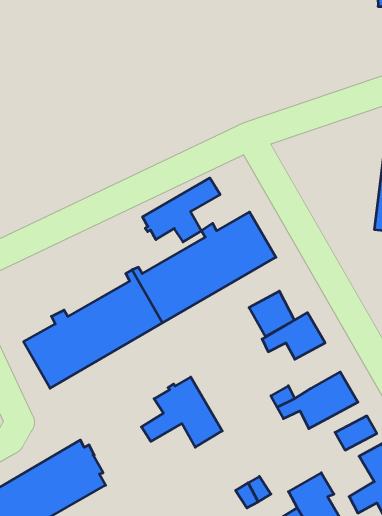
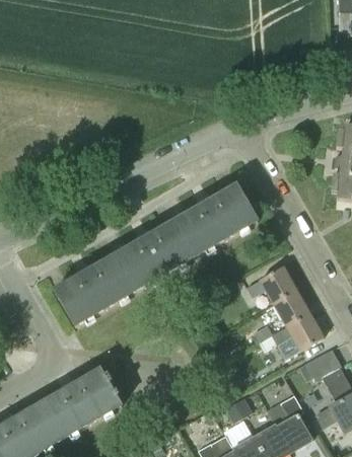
building: [143,178,220,242] -> none
building: [249,291,295,337] -> [272,290,308,326]
building: [141,377,222,447] -> none

